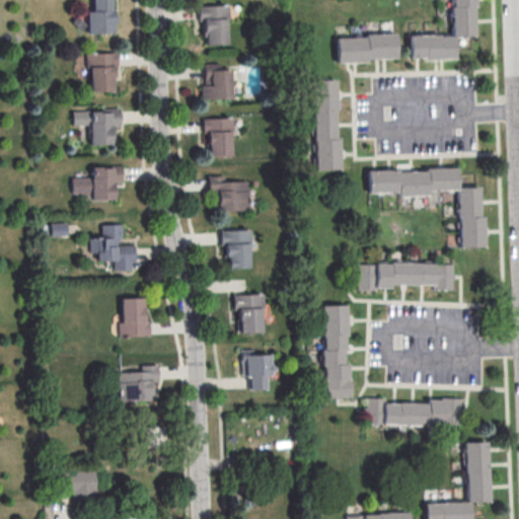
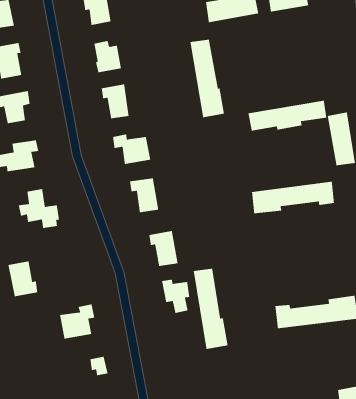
building: [121,297,151,337] -> [8,261,38,297]
building: [324,305,353,398] -> [193,268,228,350]

